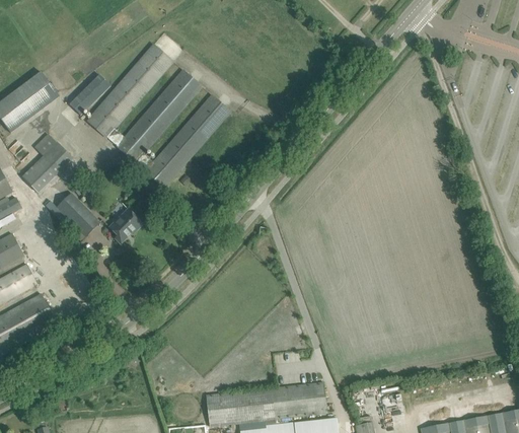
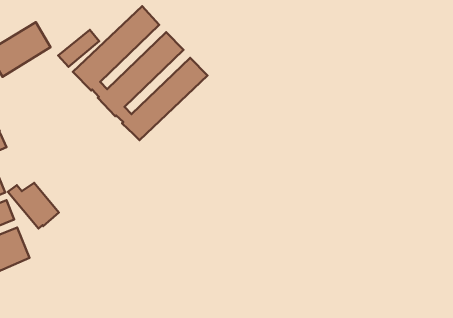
building: [20,134,73,194] -> none
building: [44,193,100,241] -> [8,183,59,229]
building: [108,208,143,243] -> none

